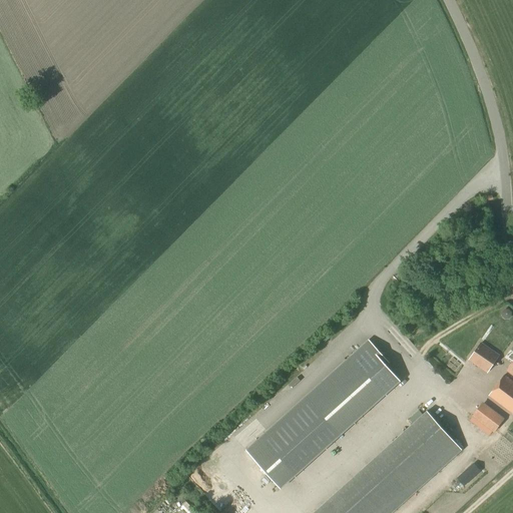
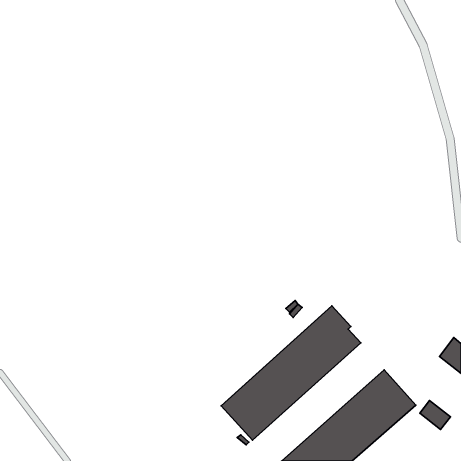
building: [469,343,499,373] -> none
building: [474,400,508,432] -> [420,401,450,430]

